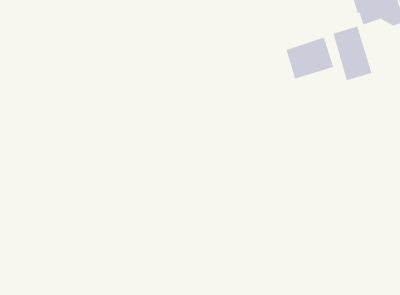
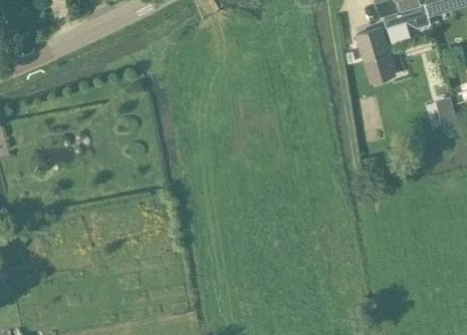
building: [285,37,334,80] -> none

